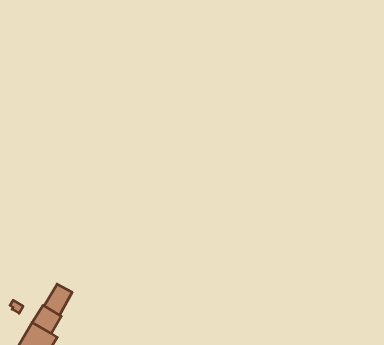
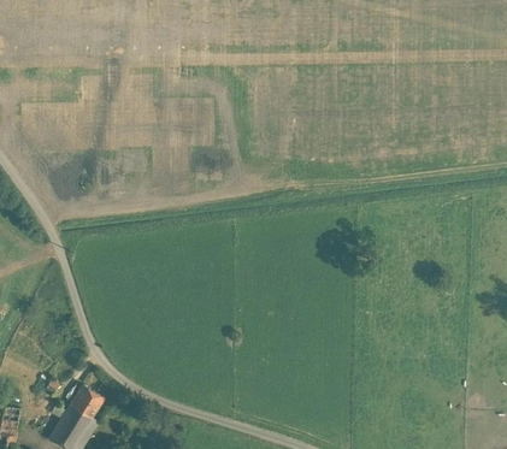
building: [44,284,72,315] -> none

